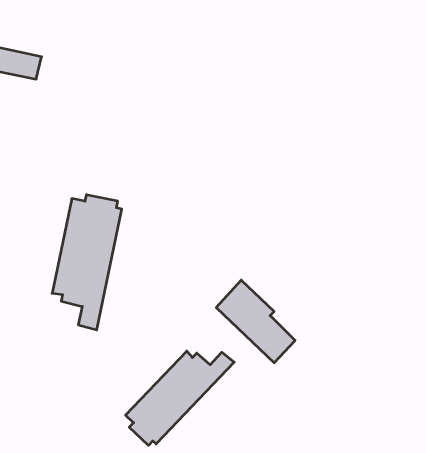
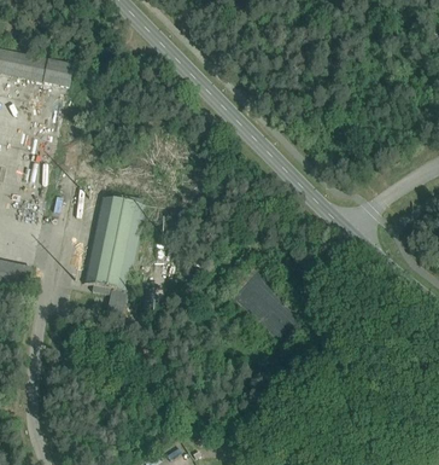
building: [126,351,234,445] -> none

